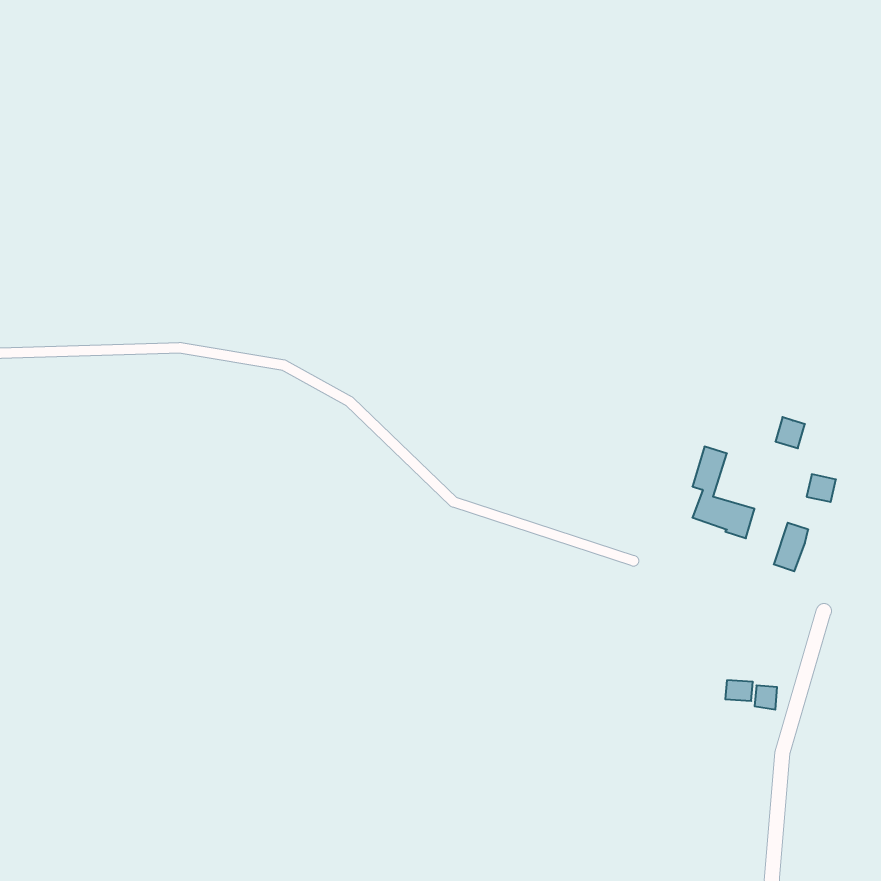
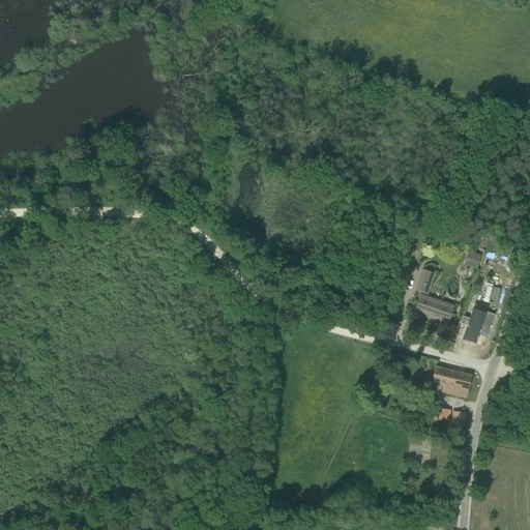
building: none -> [433,365,473,395]

